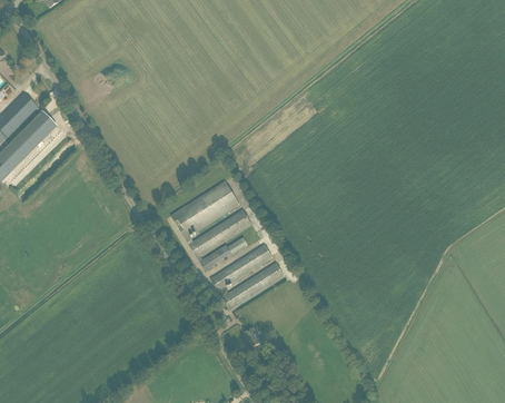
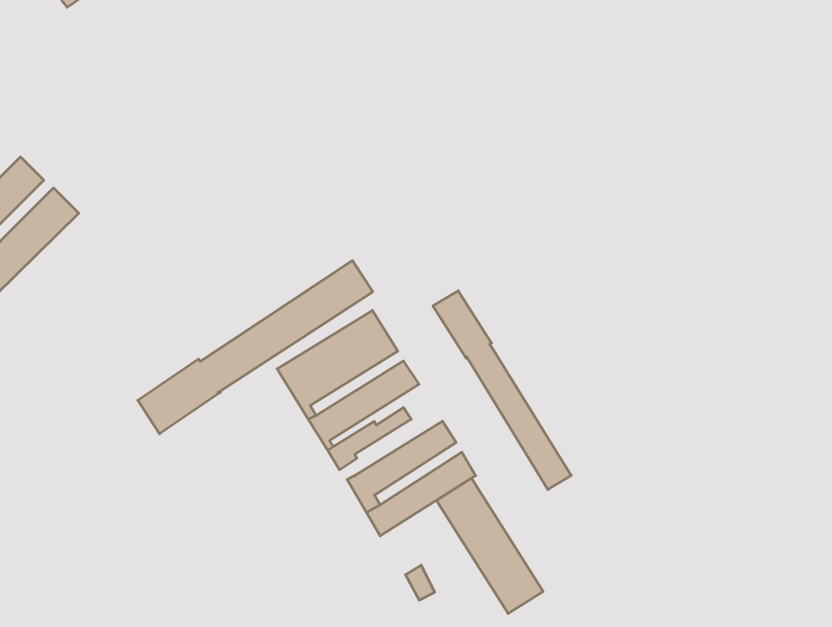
building: none -> [138,261,373,434]
building: none -> [433,291,571,490]
building: none -> [436,478,543,614]

